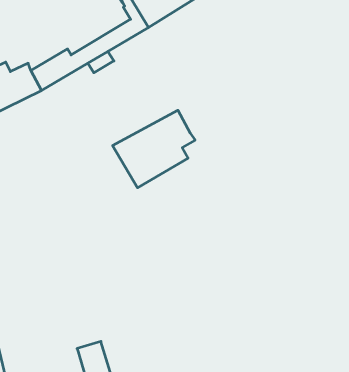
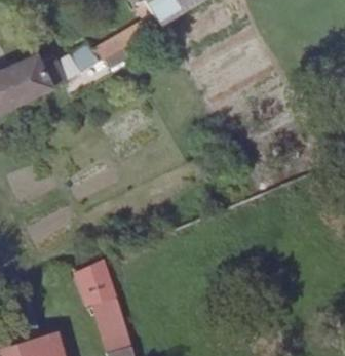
building: [113,110,195,188] -> none
building: none -> [76,258,118,305]

